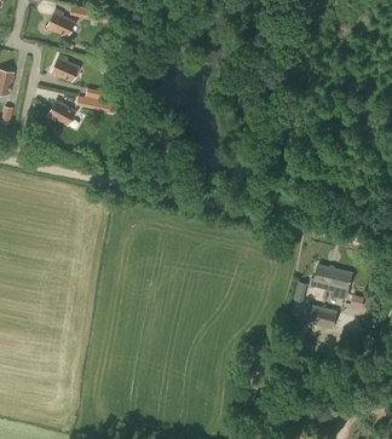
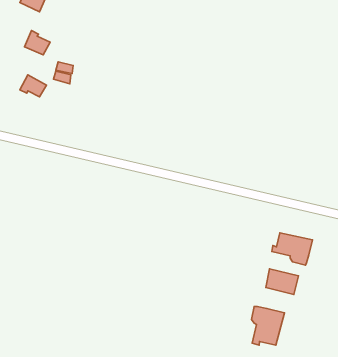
building: none -> [252,306,285,345]

